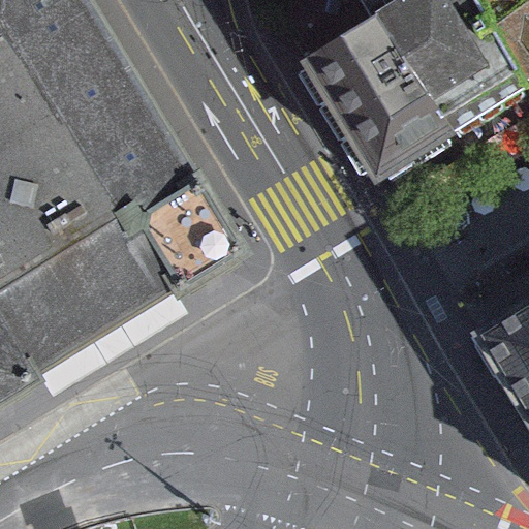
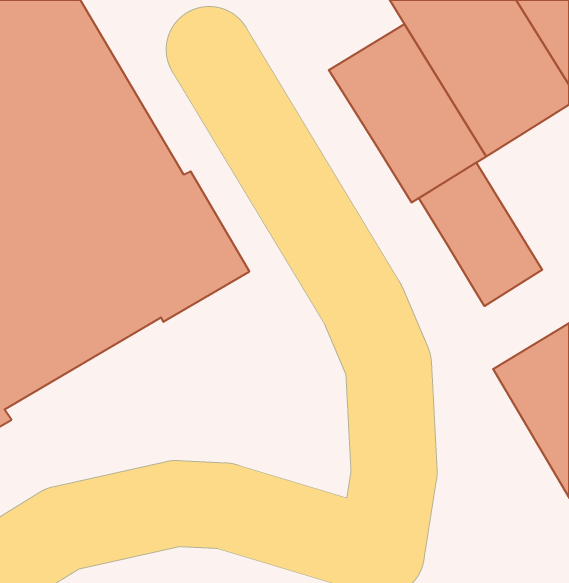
building: none -> [419,163,542,306]

